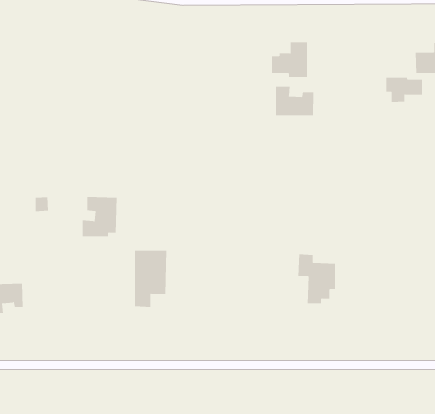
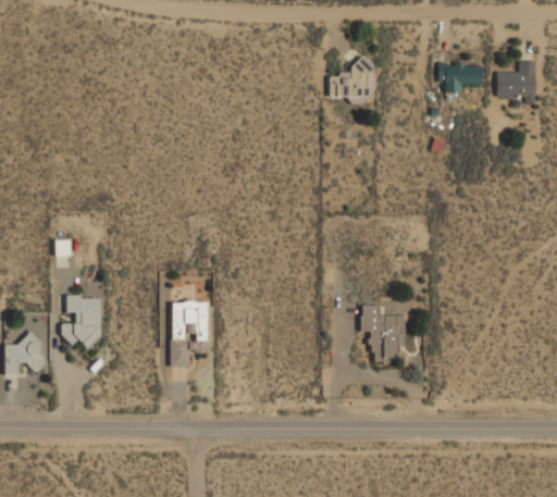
building: [385,77,423,103] -> [438,64,482,94]
building: [276,86,314,116] -> none
building: [82,196,117,237] -> [61,296,102,343]

